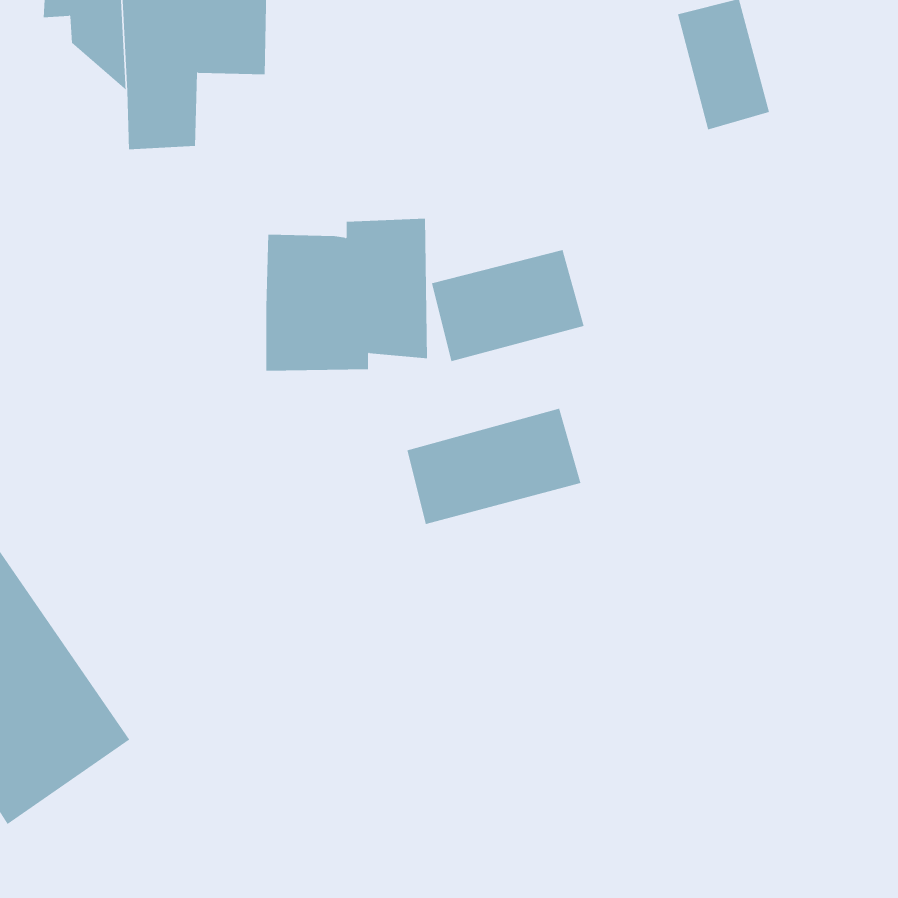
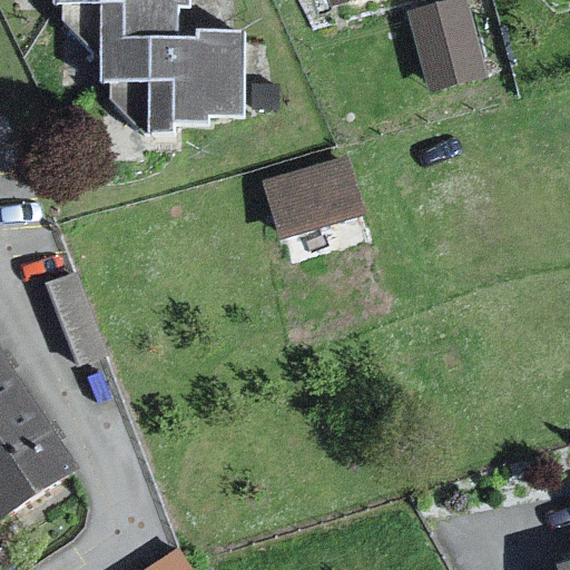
building: [266,218,428,371] -> [122,36,224,131]
building: [407,408,581,525] -> none

